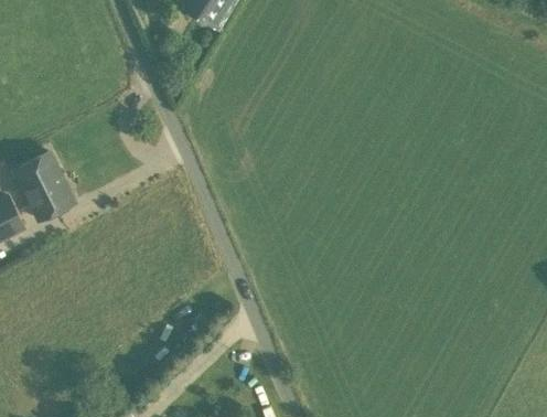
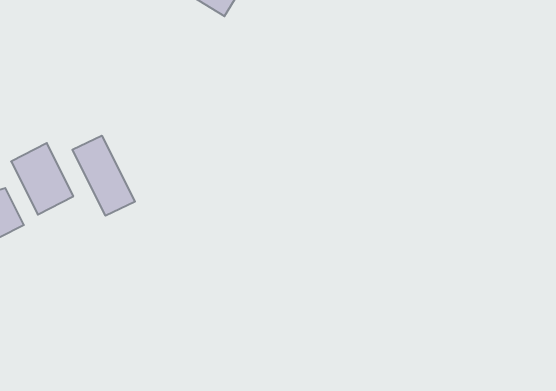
building: none -> [72,136,135,216]

